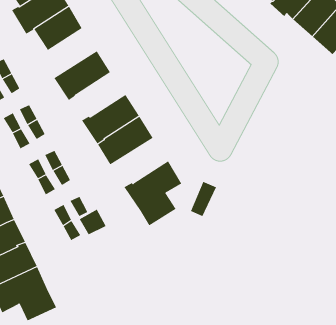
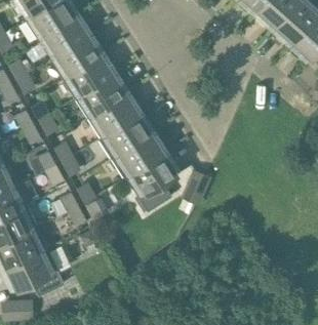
building: none -> [49,33,101,80]
building: none -> [75,75,126,118]
building: none -> [112,133,164,177]

